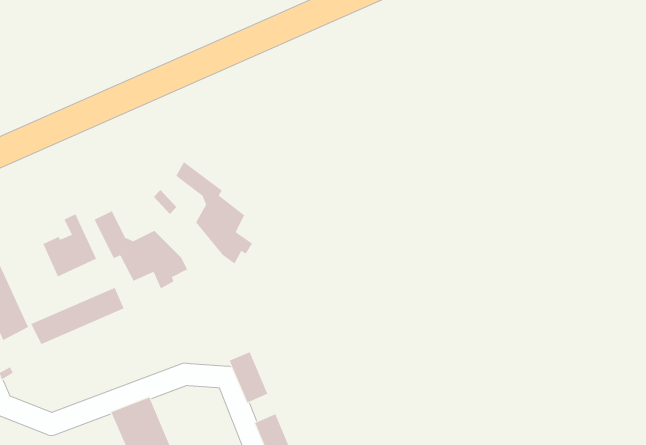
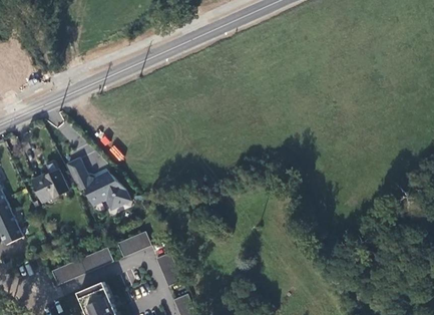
building: [175,161,253,265] -> none
building: [30,287,124,345] -> [50,247,112,285]
building: none -> [116,231,150,257]

